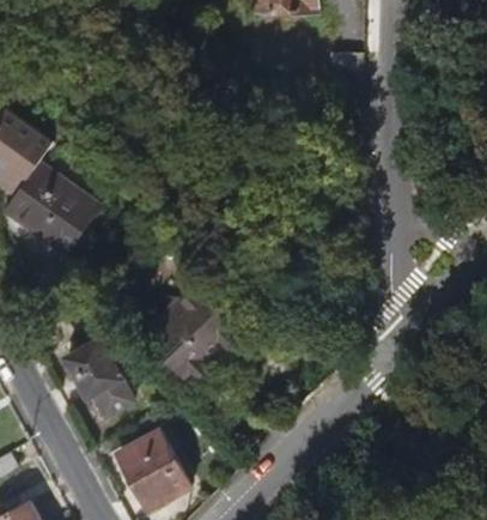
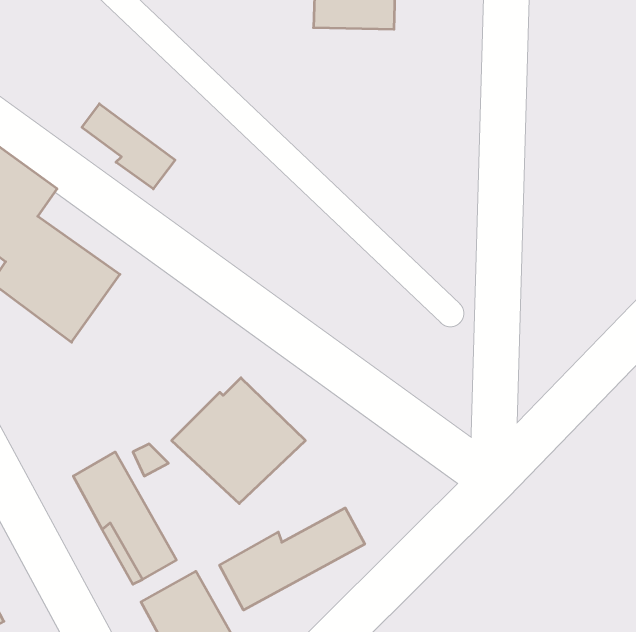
building: none -> [82,104,175,189]
building: none -> [220,508,365,610]

